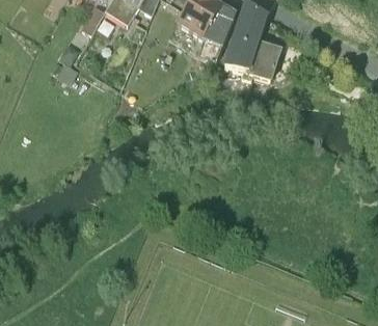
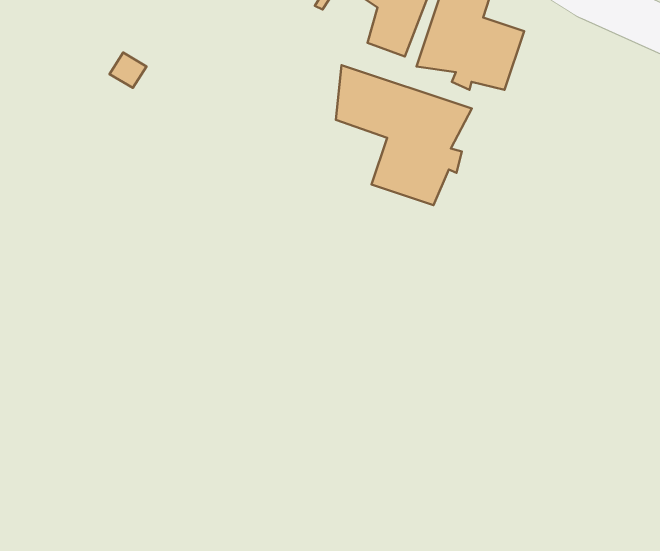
building: none -> [336,65,472,205]

